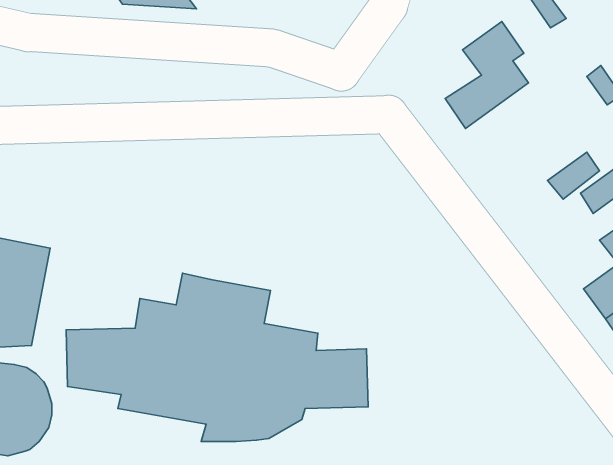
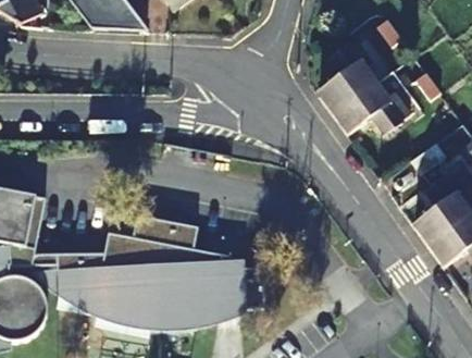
building: none -> [333,83,411,135]

